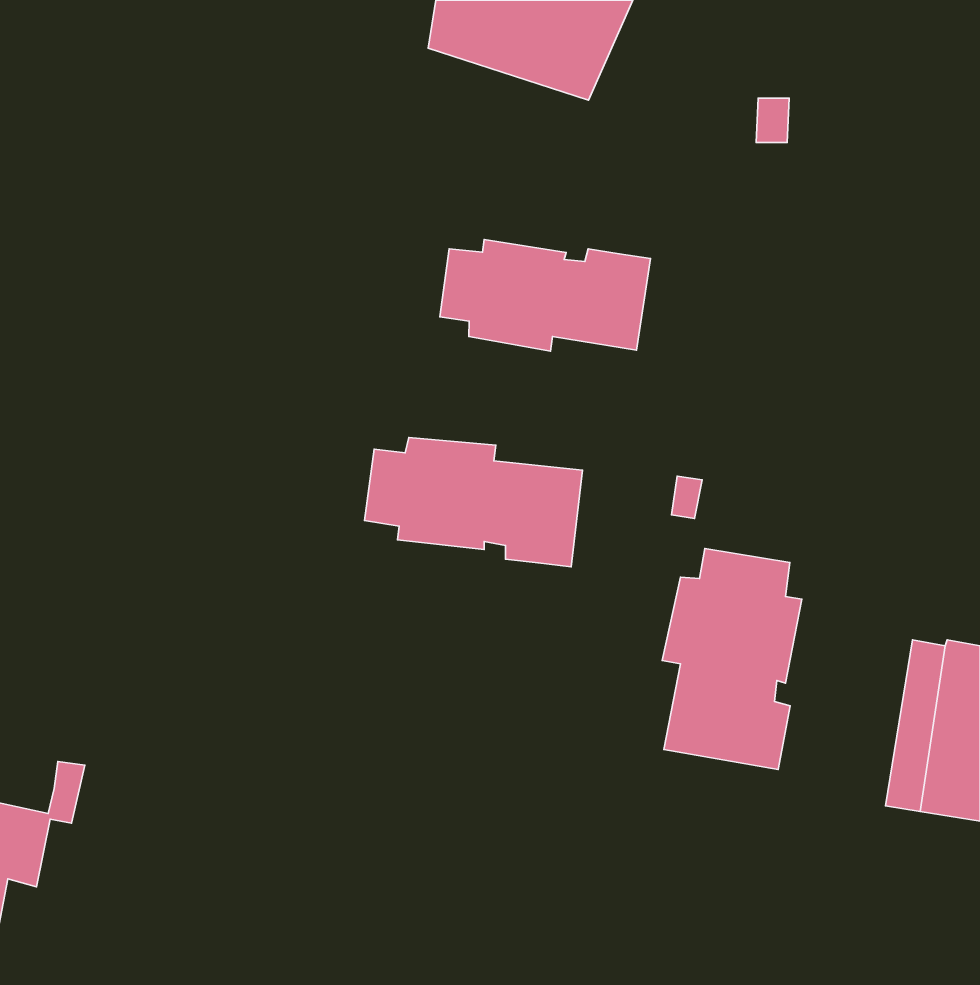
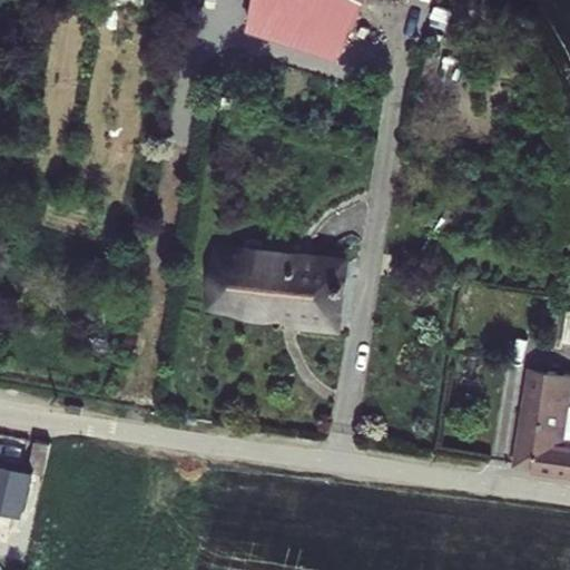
building: [440,239,650,351] -> none
building: [662,549,802,769] -> none

